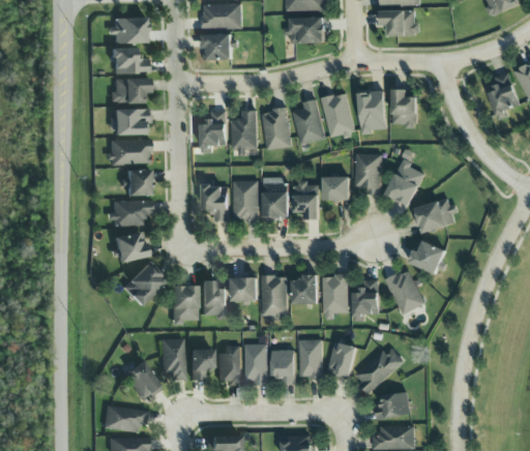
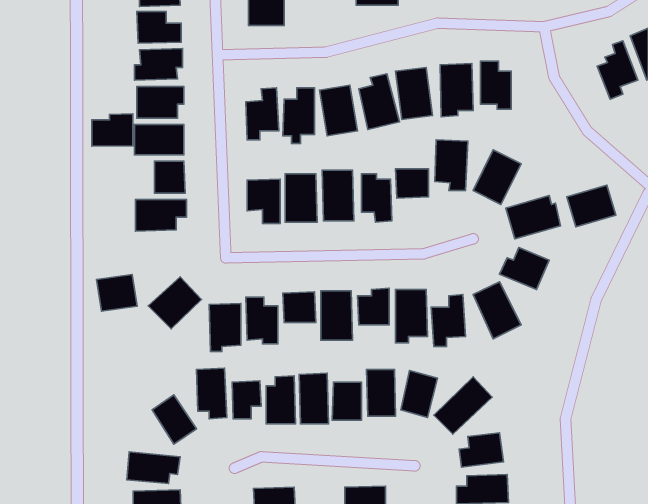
building: none -> [92,114,133,146]
building: none -> [567,185,616,227]
building: [114,232,147,262] -> [96,275,137,311]

